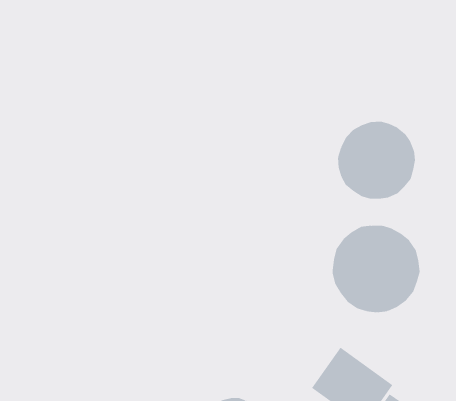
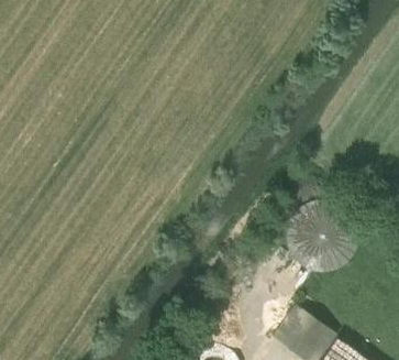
building: [338,121,416,199] -> none

